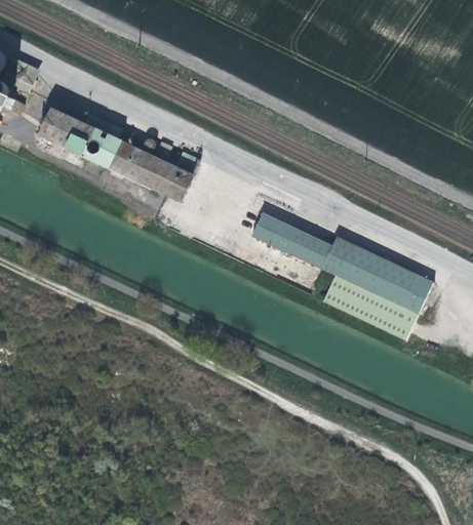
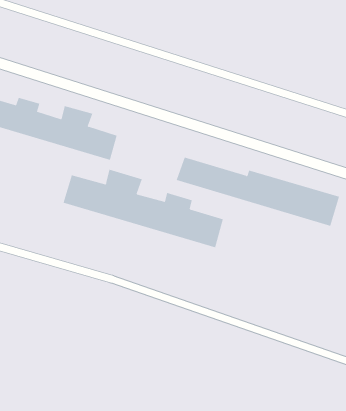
building: none -> [63,169,223,248]

